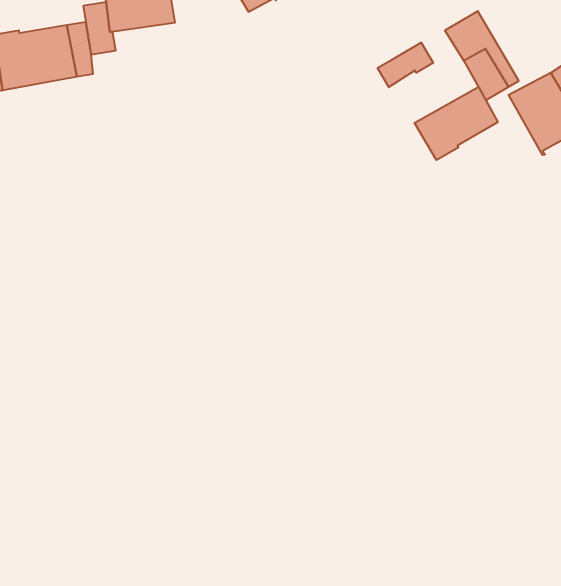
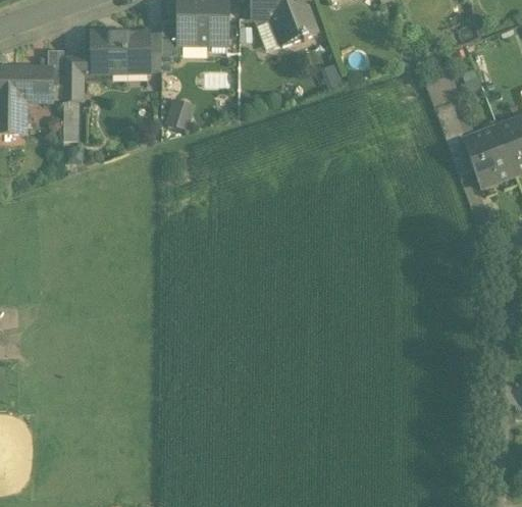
building: [378,42,433,87] -> none
building: [414,87,498,160] -> none
building: none -> [167,96,198,128]

